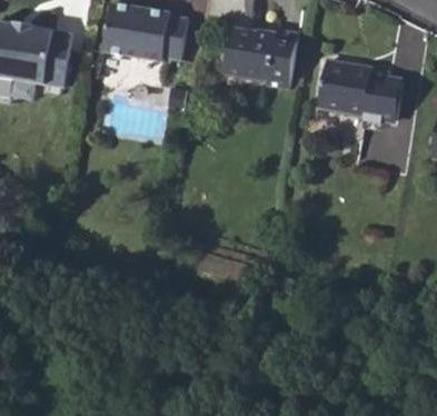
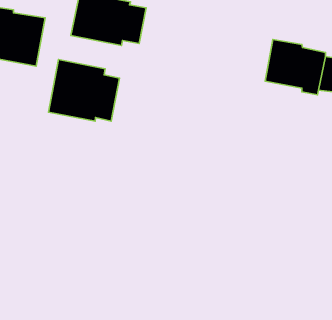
building: [222,31,296,93] -> none
building: none -> [48,60,120,121]

